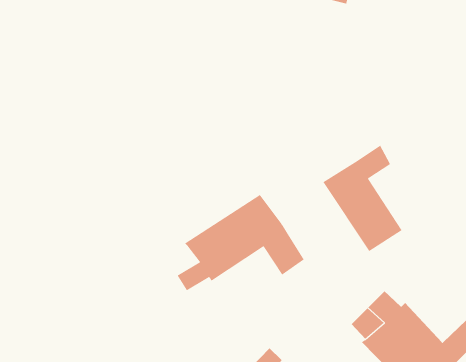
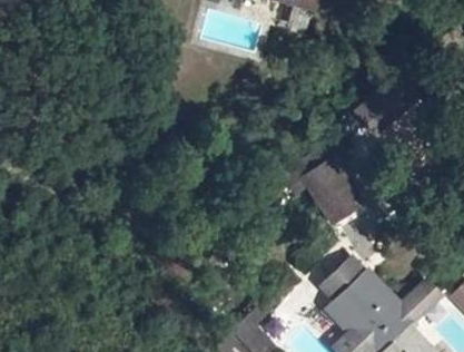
building: [177,194,304,291] -> none

